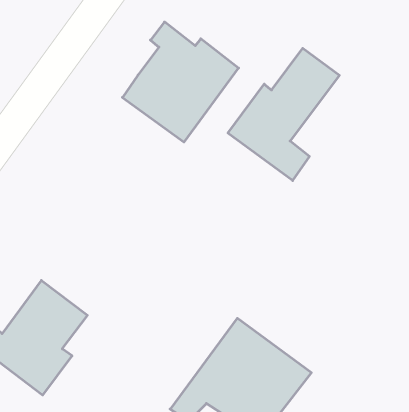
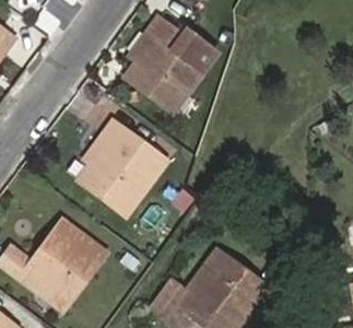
building: [228,48,339,181] -> none
building: none -> [78,120,165,214]

